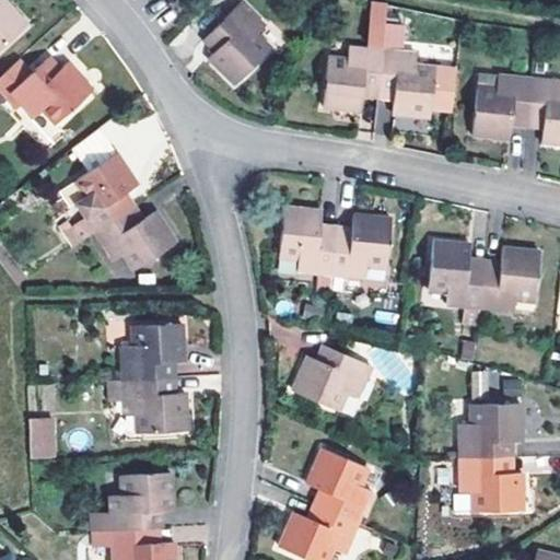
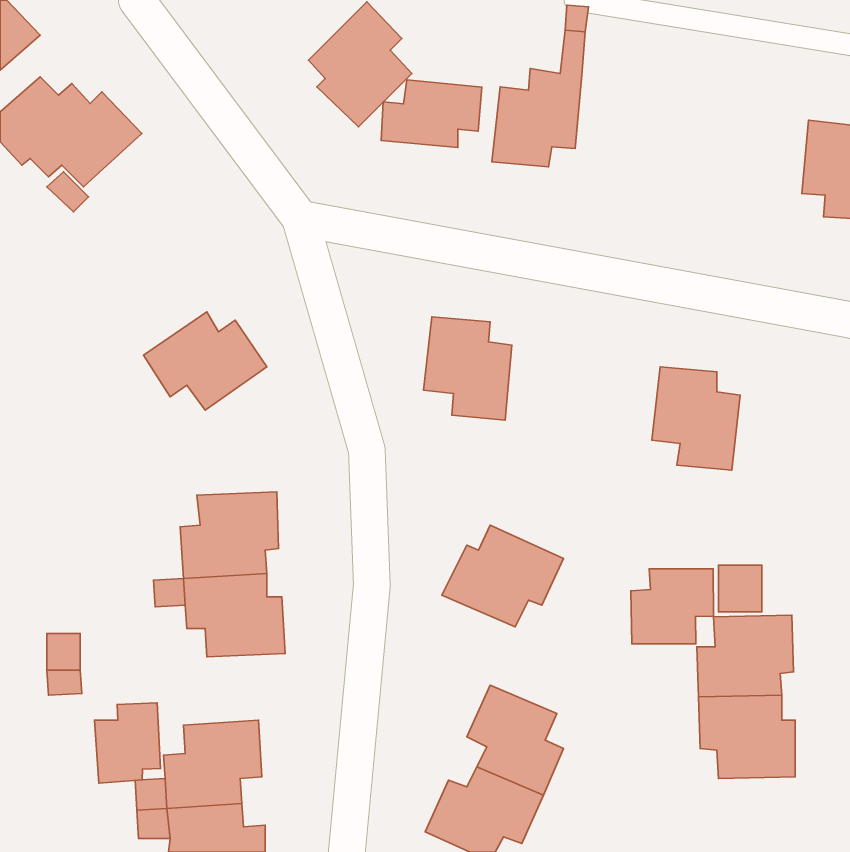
building: [378,49,457,117] -> none
building: none -> [381,80,482,147]
building: [474,75,532,139] -> none
building: [75,153,138,233] -> none
building: [332,214,390,278] -> none
building: [481,248,540,313] -> none
building: none -> [631,569,713,644]
building: none -> [94,703,160,783]

